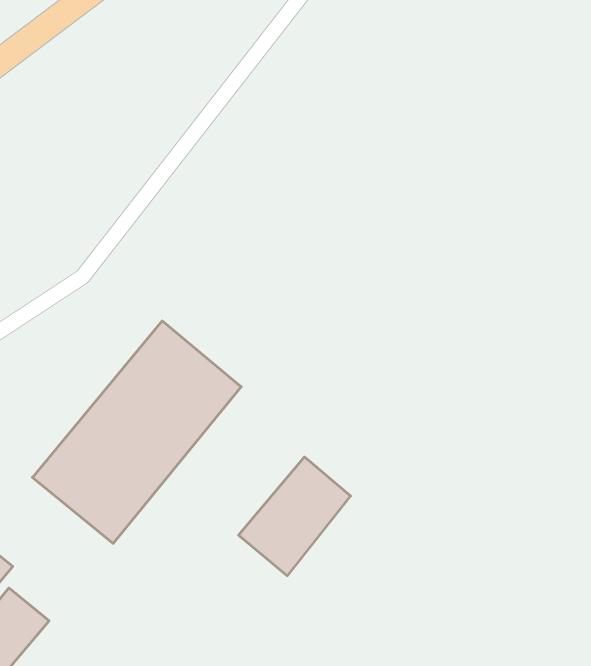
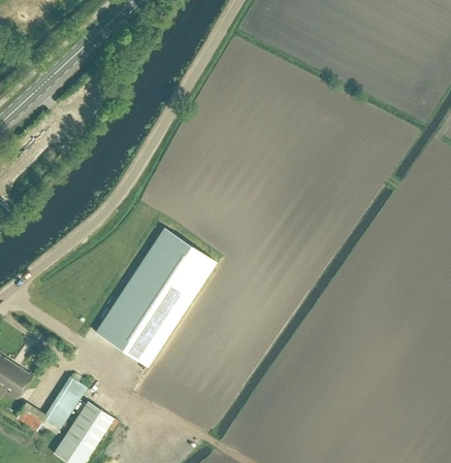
building: [239,457,351,576] -> none

